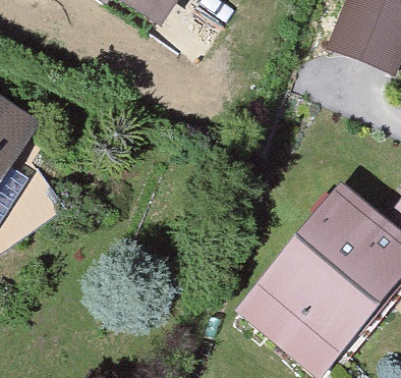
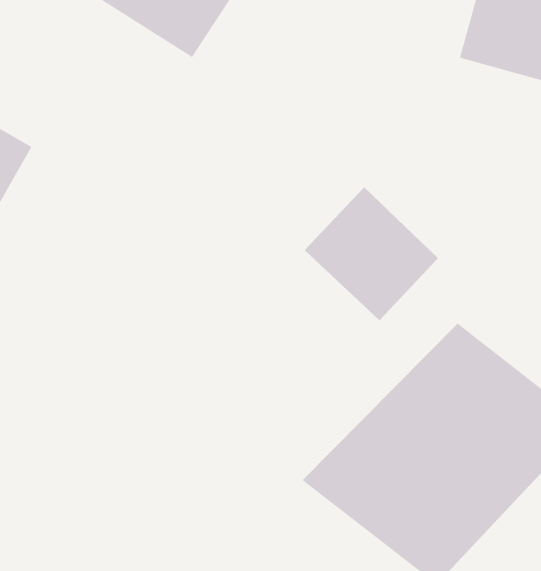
building: none -> [304,187,439,321]

